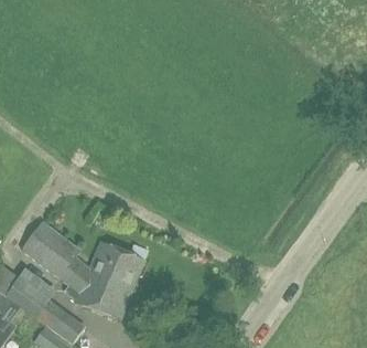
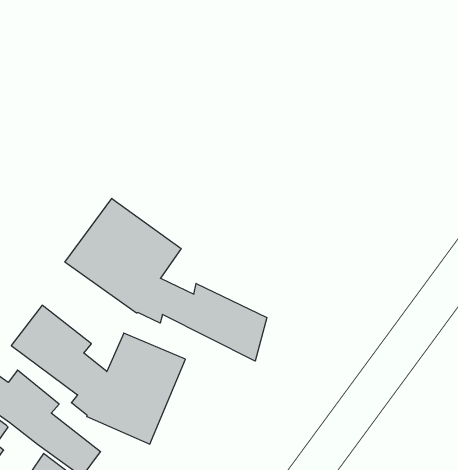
building: none -> [65,198,267,361]

